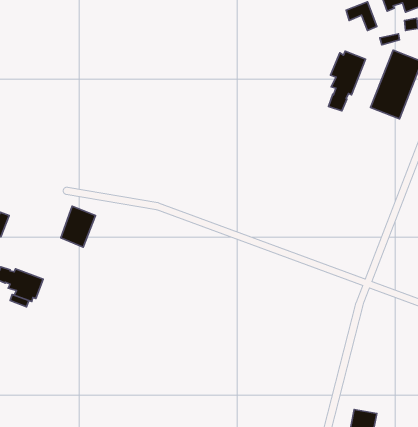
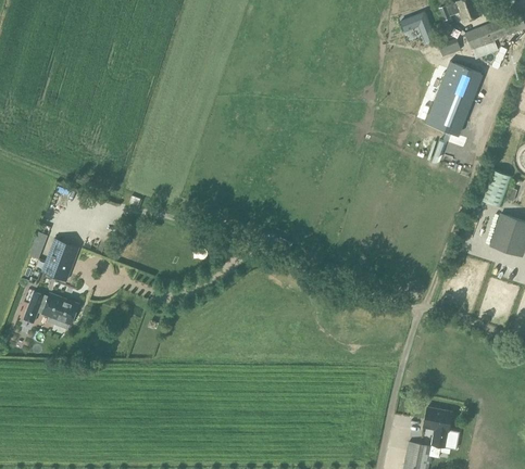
building: [329,51,366,111] -> none
building: [61,206,96,247] -> [42,239,79,282]
building: none -> [424,407,452,439]

